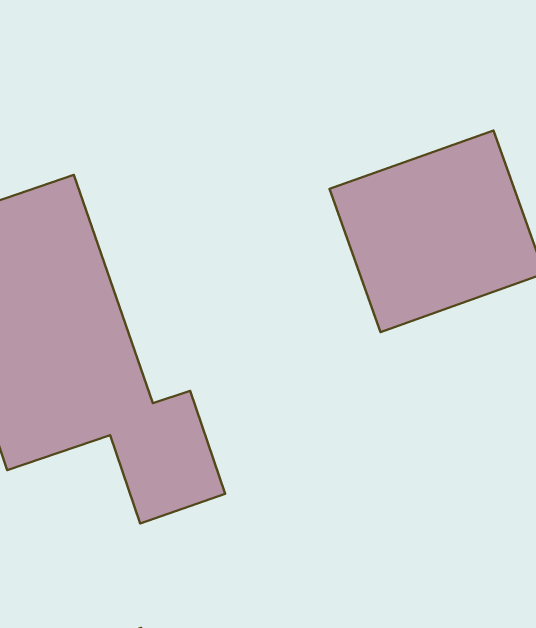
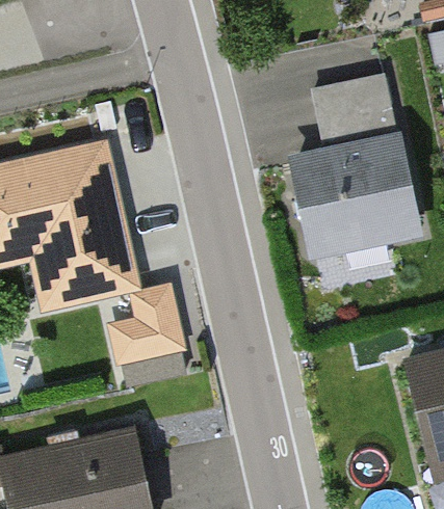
building: none -> [312,73,399,140]

